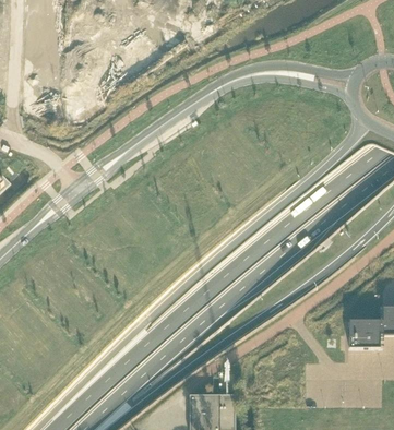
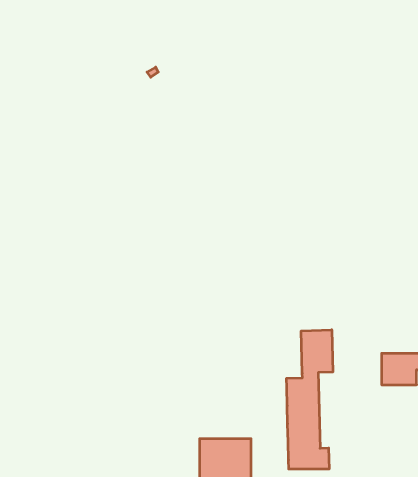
building: none -> [287,330,333,469]

